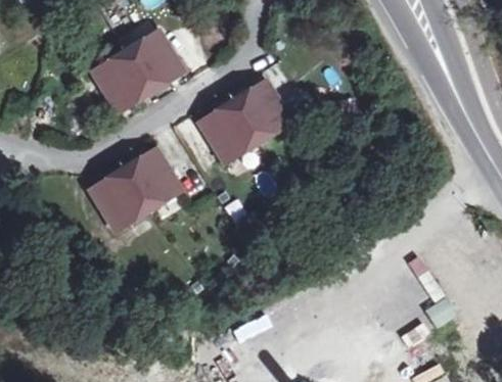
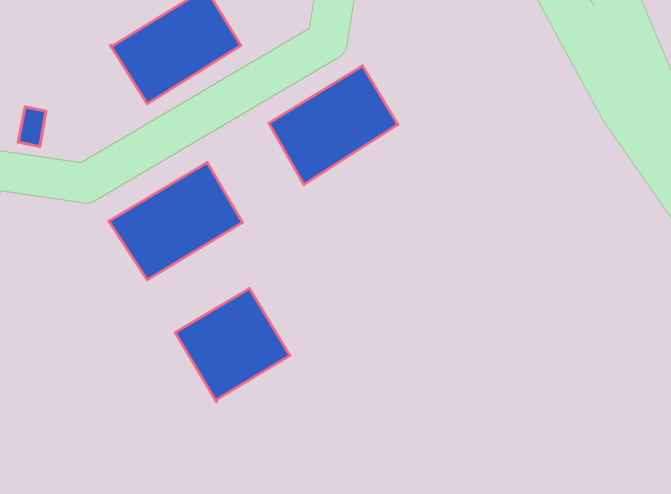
building: none -> [175,288,290,402]

